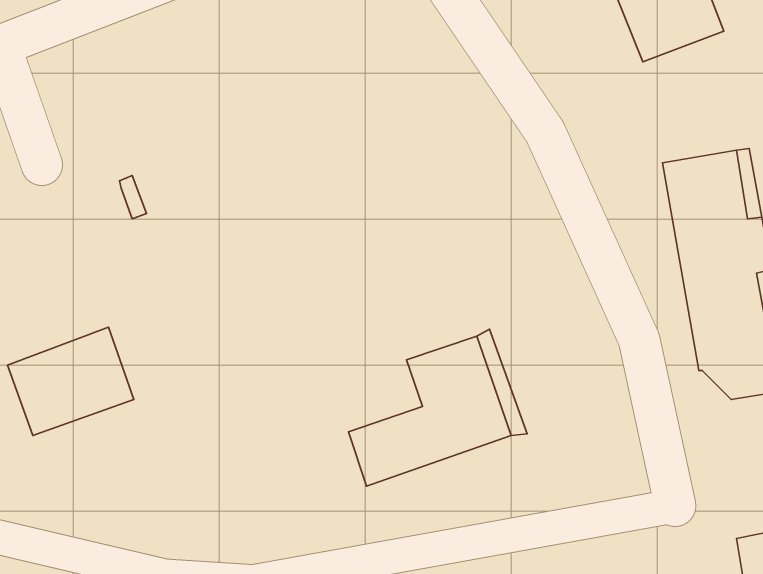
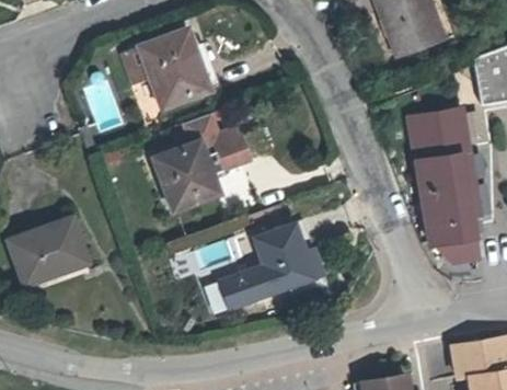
building: none -> [123,27,209,106]
building: none -> [153,113,250,209]

